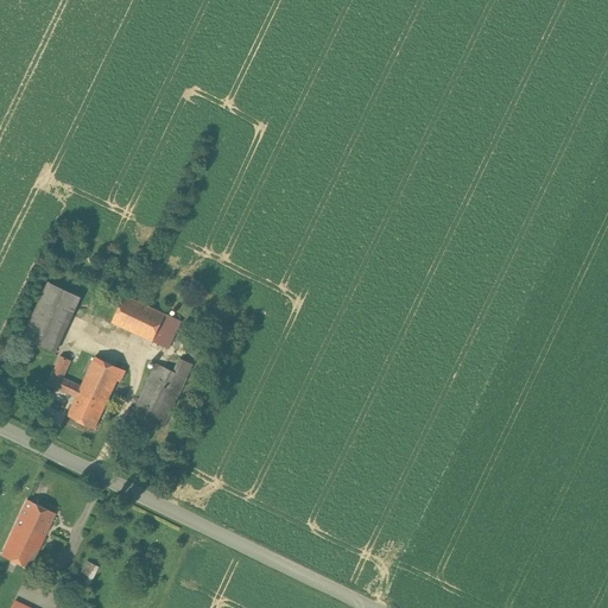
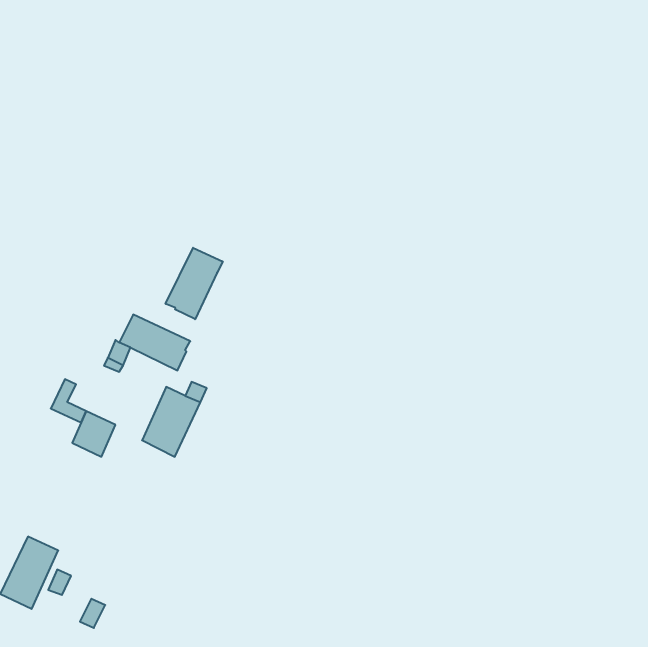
building: none -> [166,248,223,319]
building: [21,280,80,352] -> none
building: [81,355,126,398] -> none

